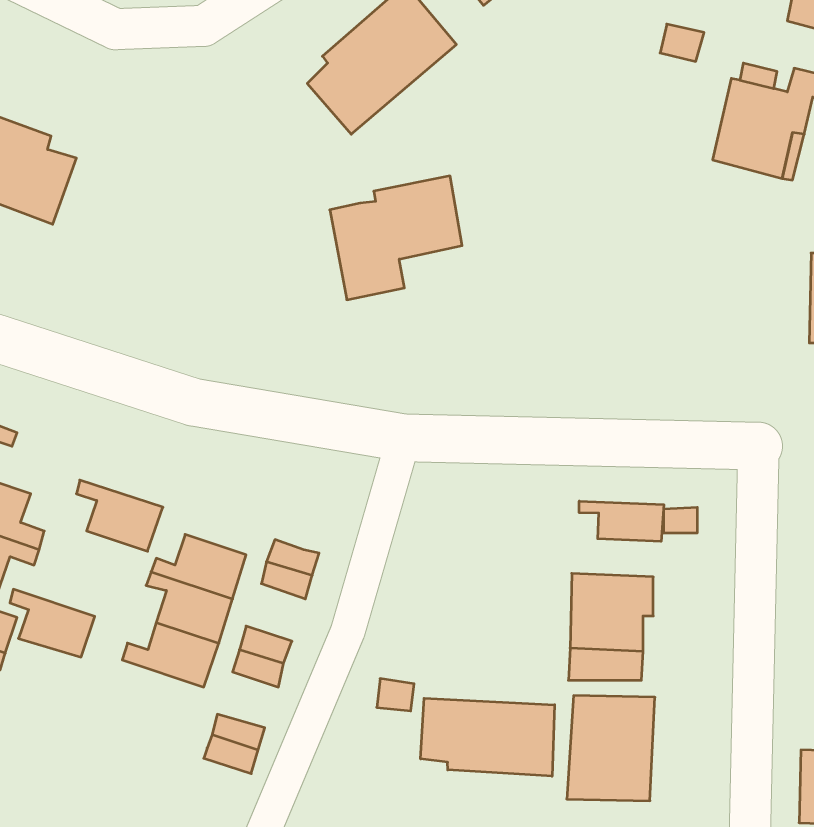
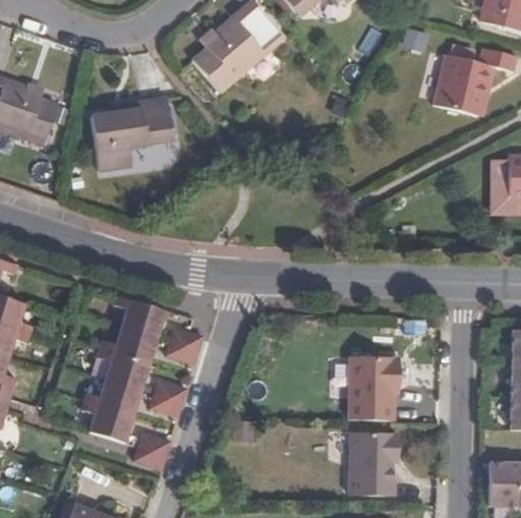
building: [330,176,462,300] -> [95,95,174,169]
building: [76,480,163,551] -> [113,299,165,342]
building: [579,501,664,541] -> none
building: [10,589,95,657] -> [79,405,130,446]
building: [421,698,555,776] -> none

